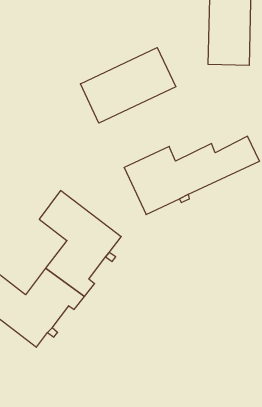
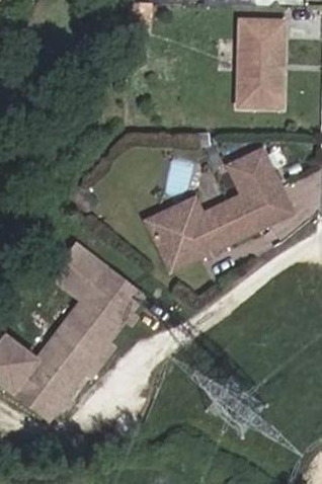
building: [80,48,176,123] -> none
building: none -> [227,148,280,204]

